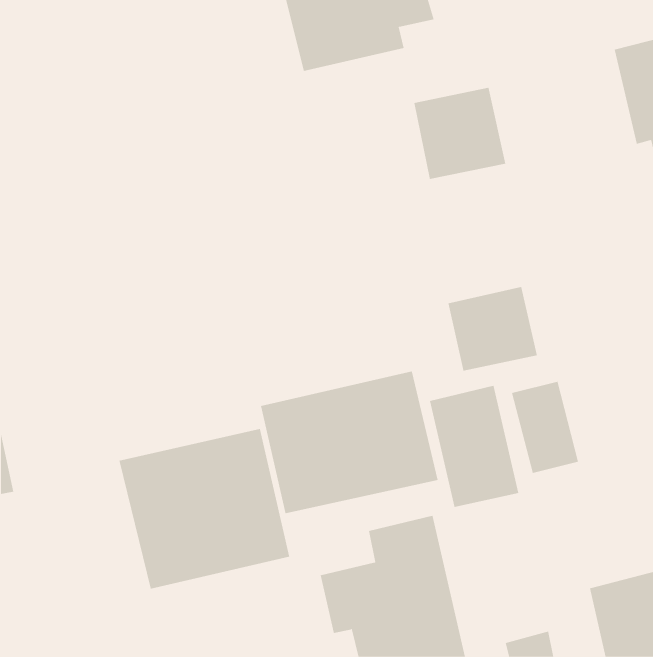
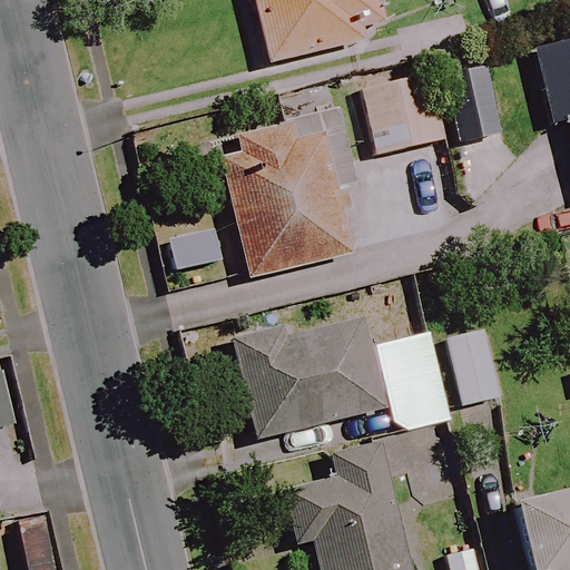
building: none -> [220,116,353,277]
building: [448,286,537,372] -> none
building: [119,428,290,590] -> none

